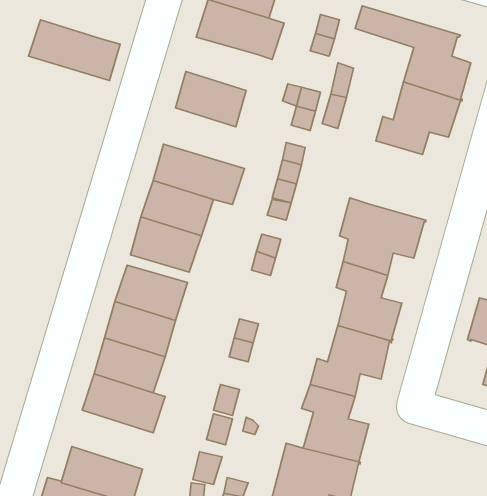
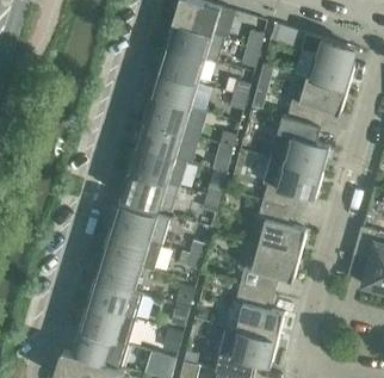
building: [28,20,120,80] -> [142,94,205,136]
building: none -> [157,45,206,82]
building: none -> [284,117,330,172]
building: none -> [79,303,135,343]

